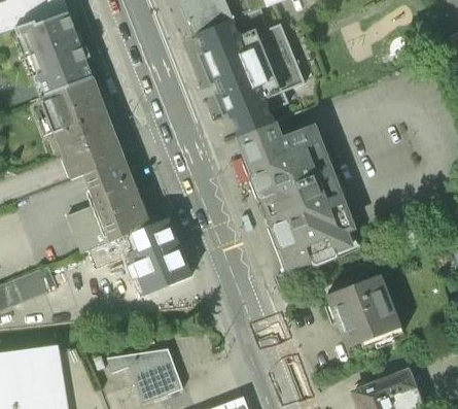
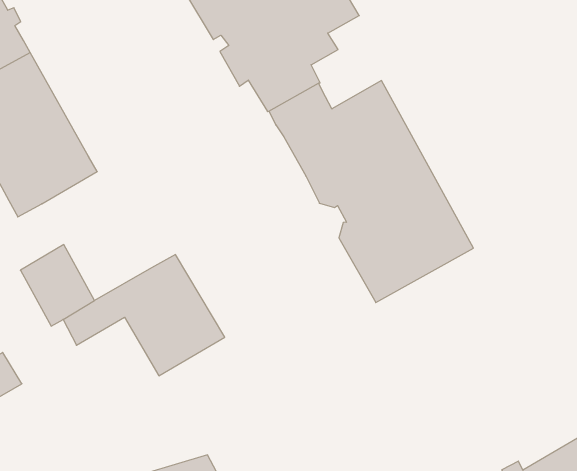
building: [86,159,150,240] -> none
building: [326,274,403,348] -> none

